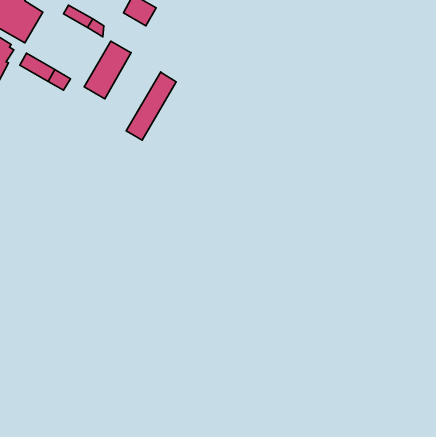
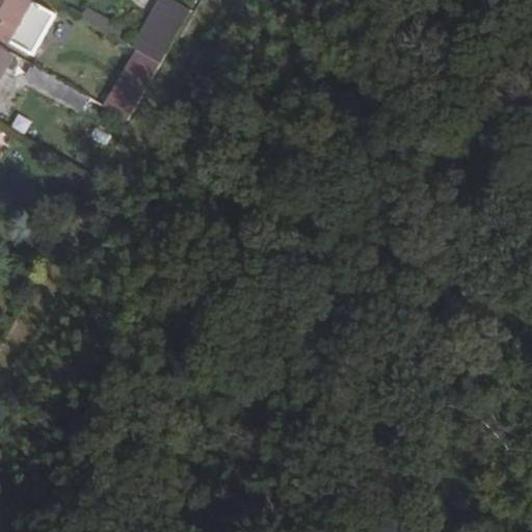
building: none -> [132,16,177,63]
building: [126,72,176,140] -> none

